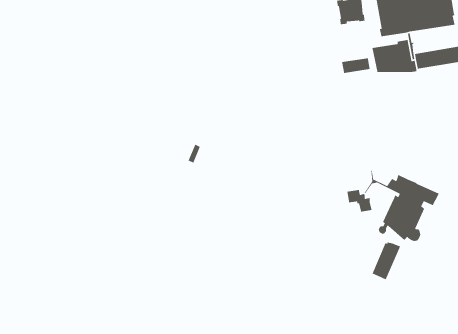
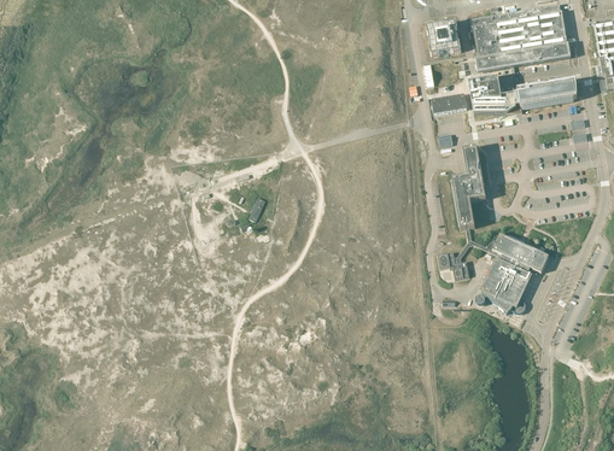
building: none -> [452,146,487,229]
building: [371,241,401,280] -> none

